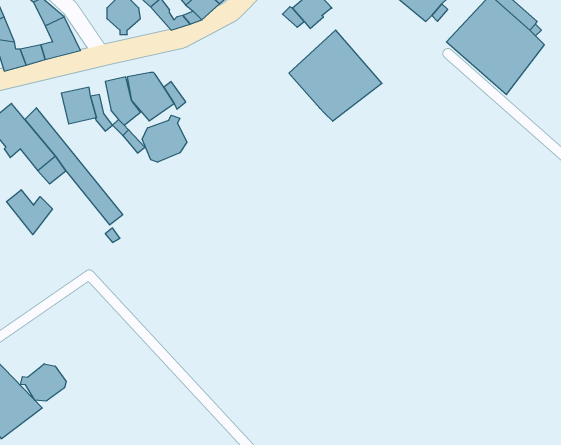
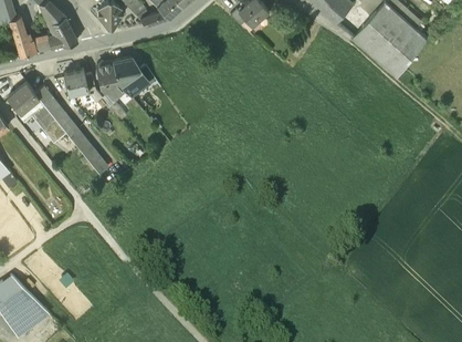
building: [289,30,382,121] -> none
building: [142,115,187,162] -> none
building: [7,190,52,235] -> none
building: [20,364,66,401] -> none

